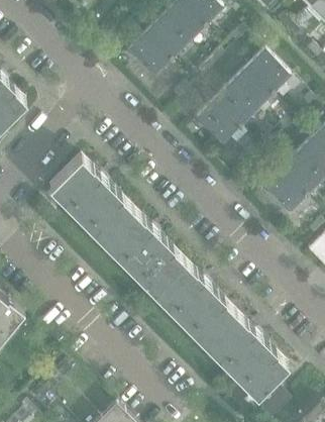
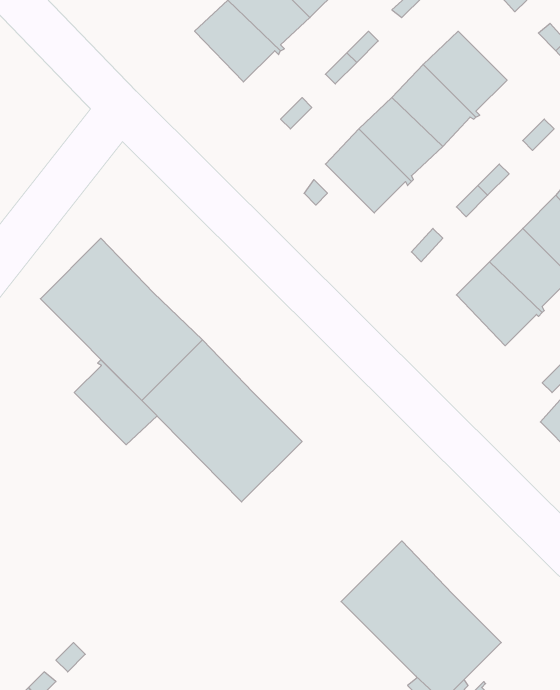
building: none -> [74,360,157,445]
building: [151,263,234,346] -> none

